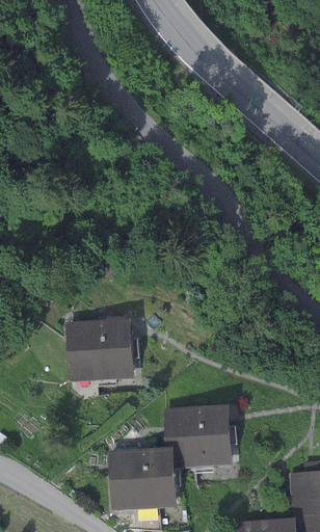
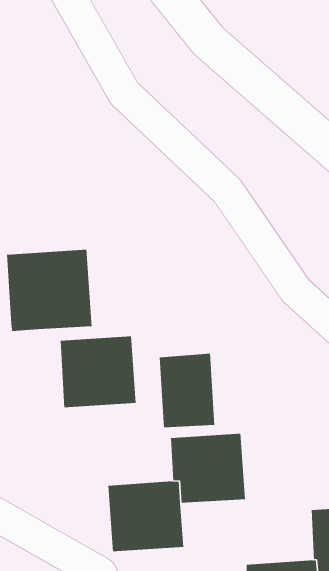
building: none -> [6,249,92,332]
building: none -> [159,353,215,428]

